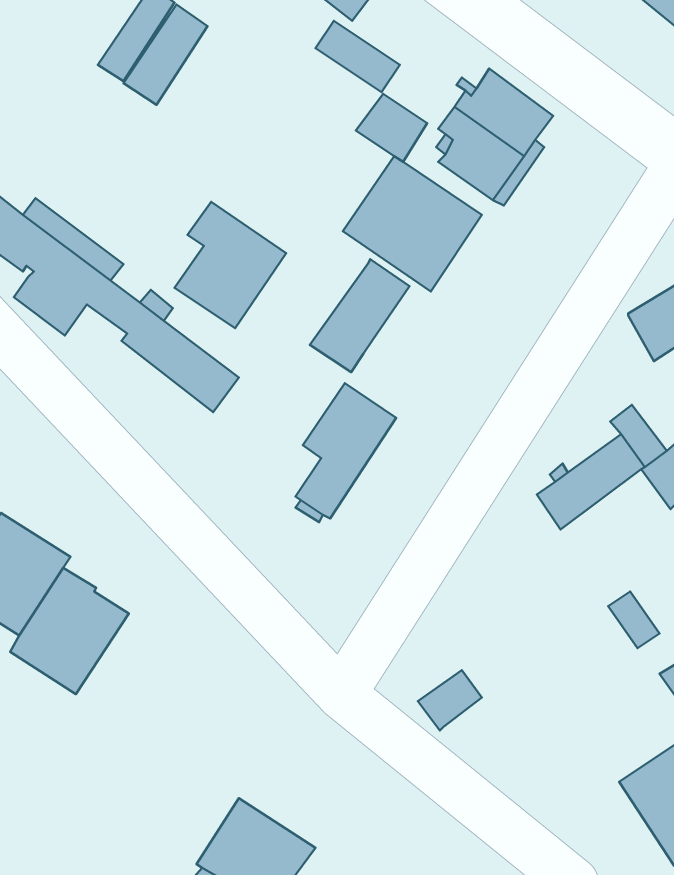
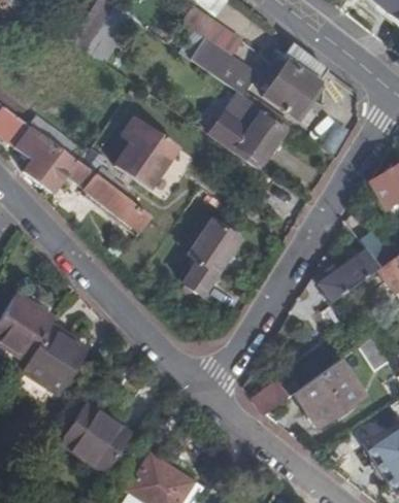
building: none -> [179,31,232,77]
building: [310,259,410,372] -> none
building: none -> [294,361,362,427]
building: none -> [60,404,131,472]

